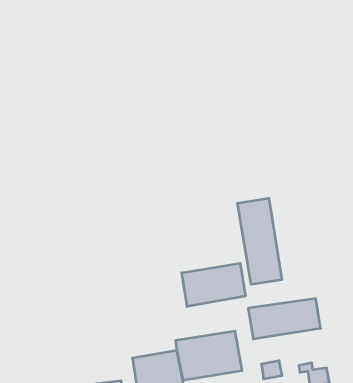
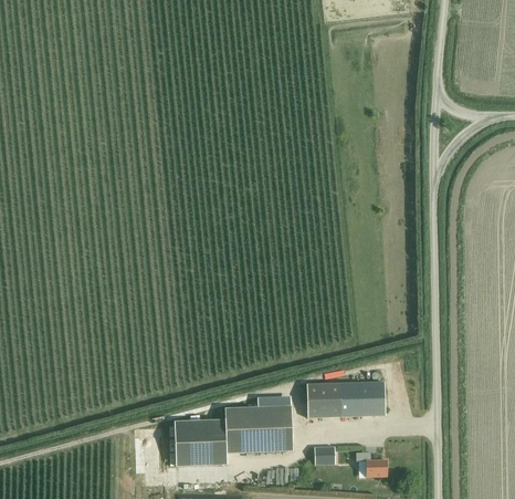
building: [237,198,282,284] -> none
building: [182,263,245,307] -> none

